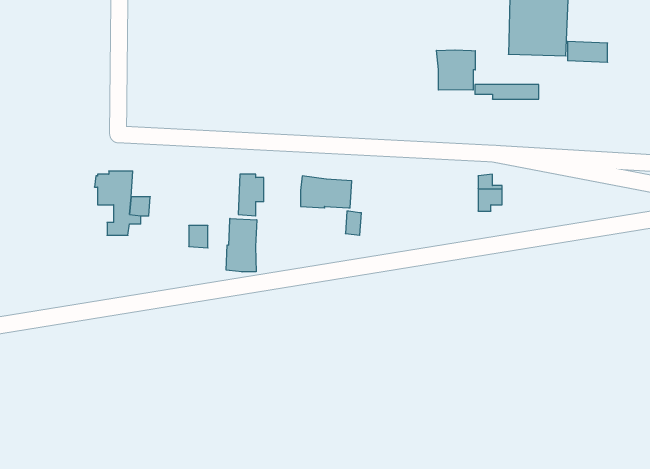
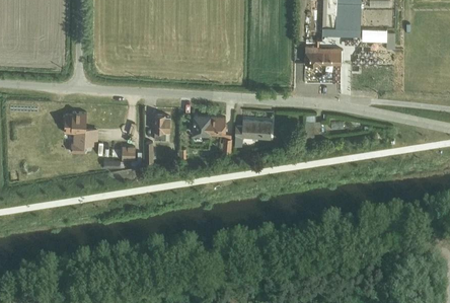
building: [436,50,475,90] -> none
building: none -> [233,119,271,145]
building: [226,218,257,272] -> none

